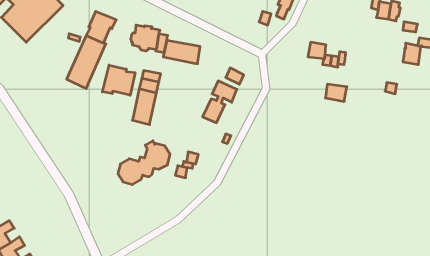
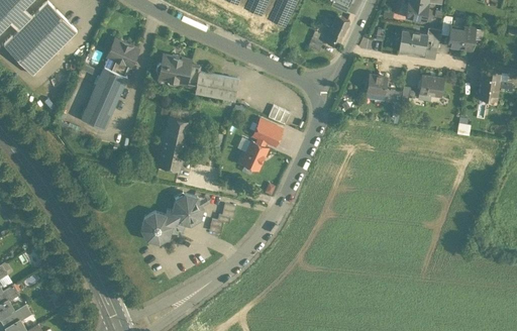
building: none -> [398,30,428,56]
building: [102,65,135,95] -> none
building: [325,84,347,101] -> [419,76,444,96]

